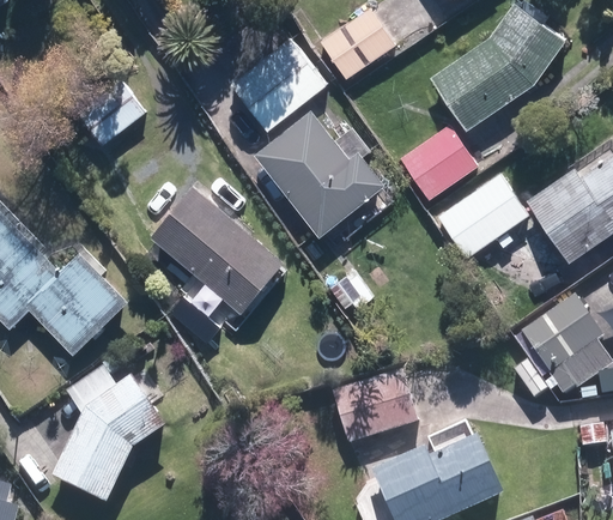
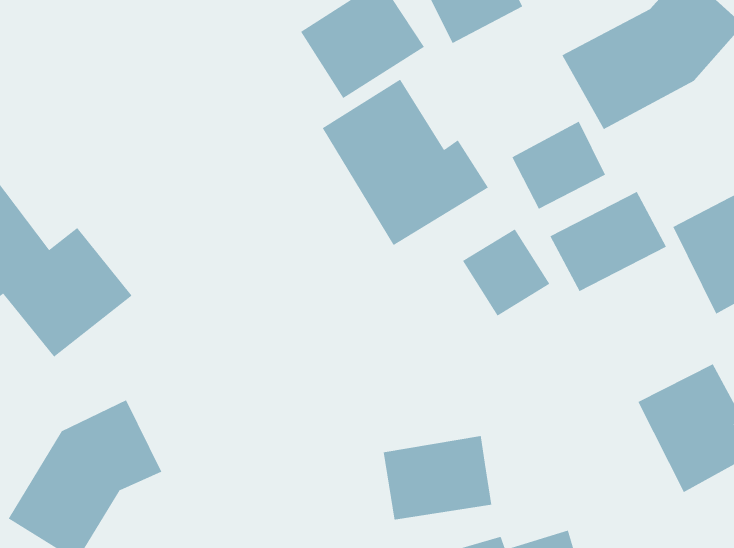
building: [148,183,289,316] -> none
building: none -> [462,228,550,316]

